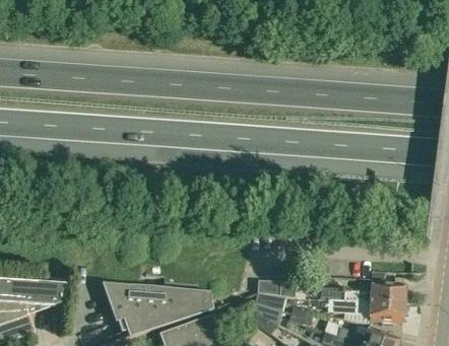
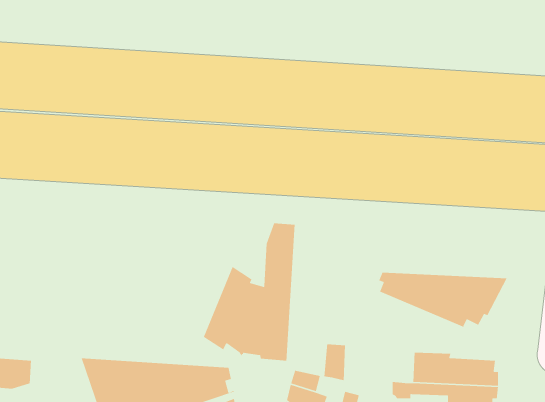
building: none -> [203,222,296,362]
building: none -> [375,272,508,330]

